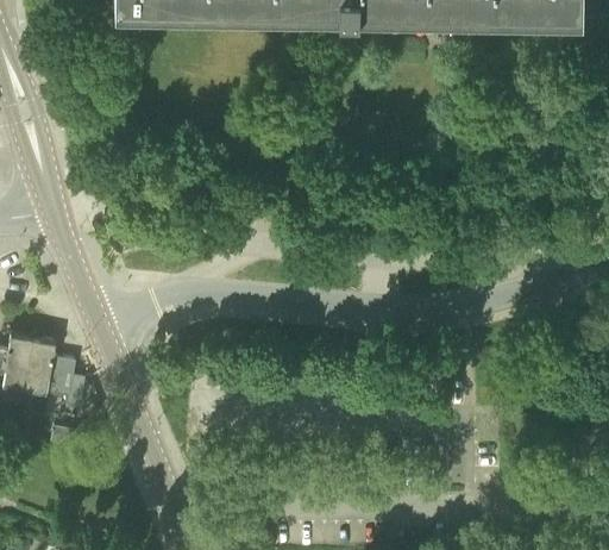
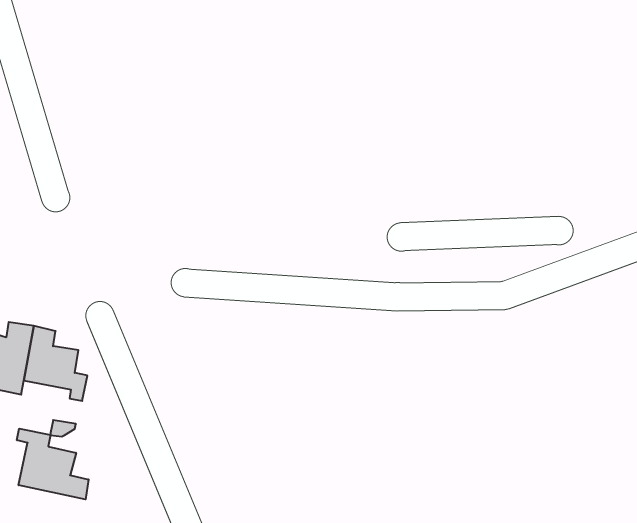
building: none -> [17,429,89,499]

